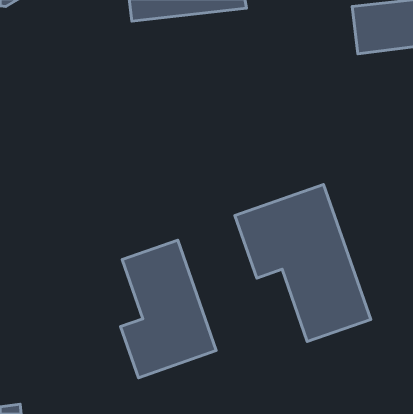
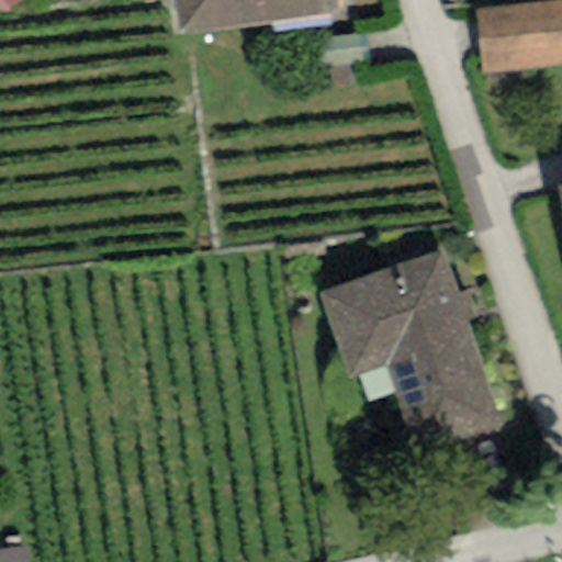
building: [121,240,216,378] -> none

